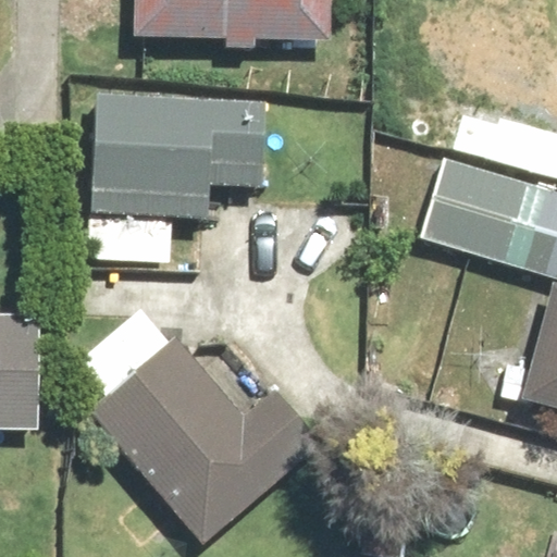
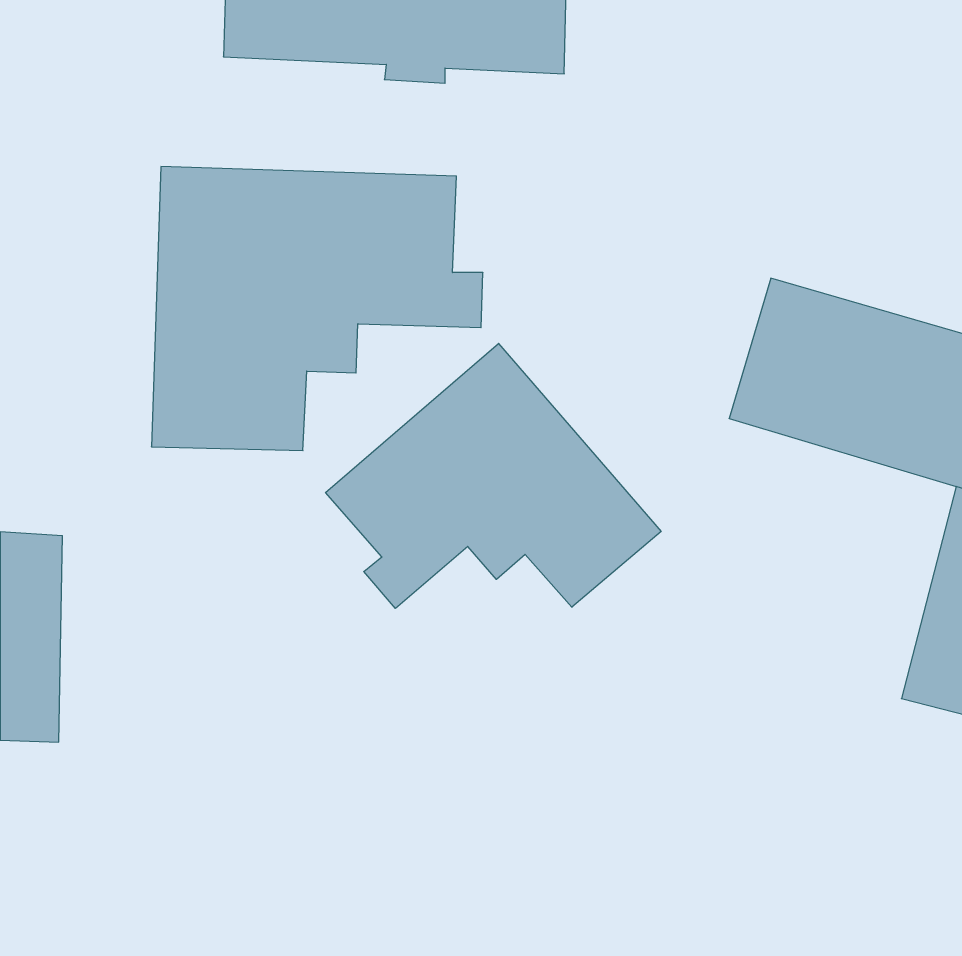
building: none -> [326,343,661,608]
building: [79,305,281,530] -> none

